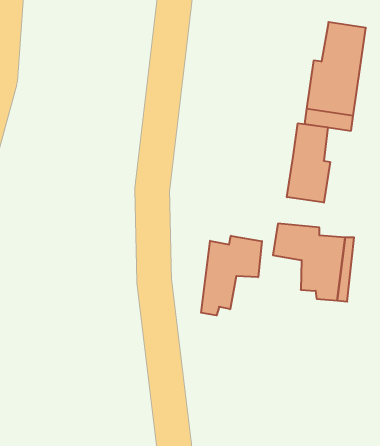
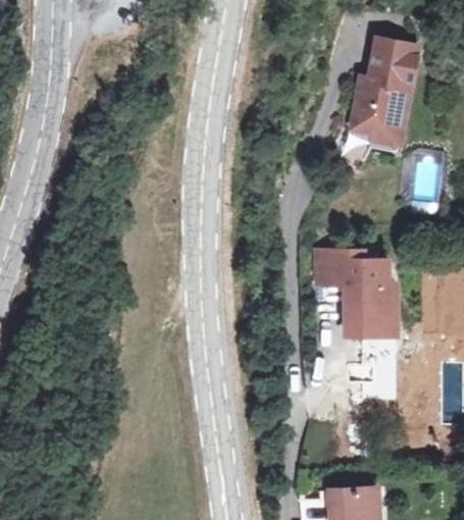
building: [287,123,330,203] -> none
building: [201,236,262,315] -> none

